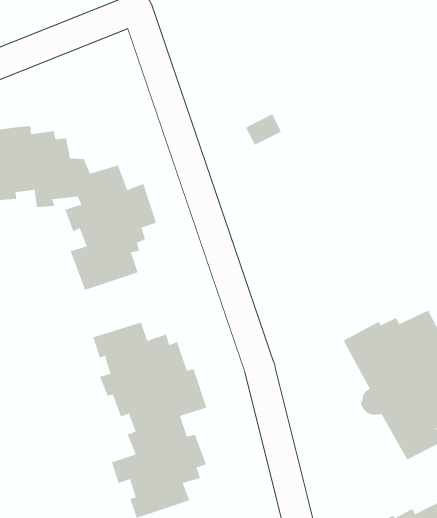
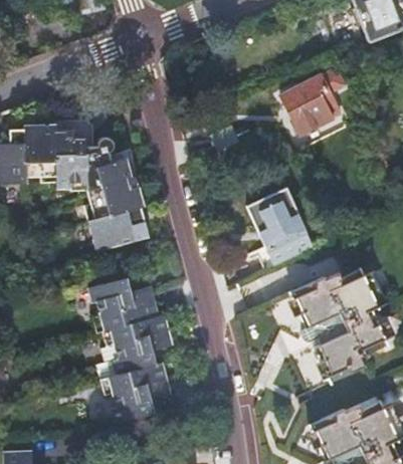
building: none -> [278,69,345,135]
building: none -> [250,187,318,270]

